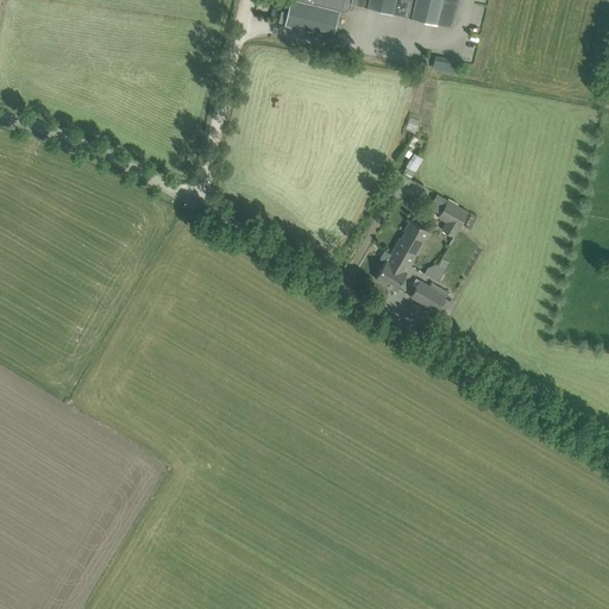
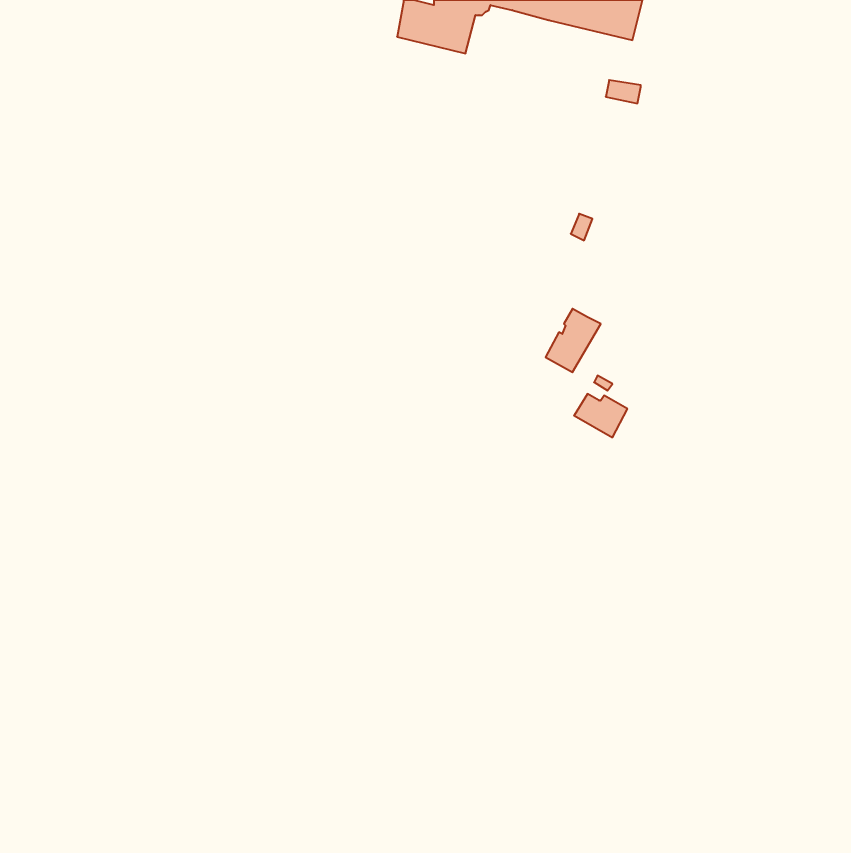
building: [437,200,466,238] -> none
building: [373,255,408,290] -> none

